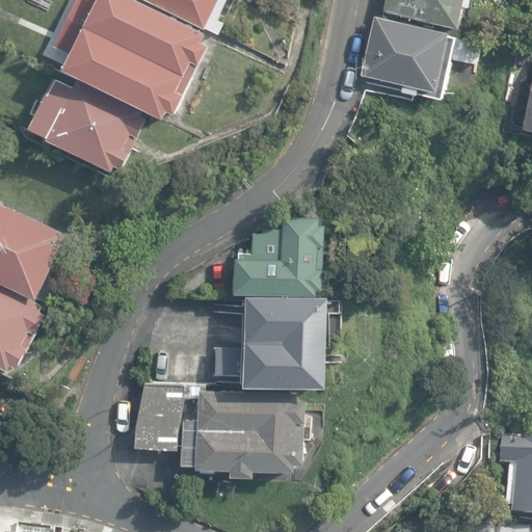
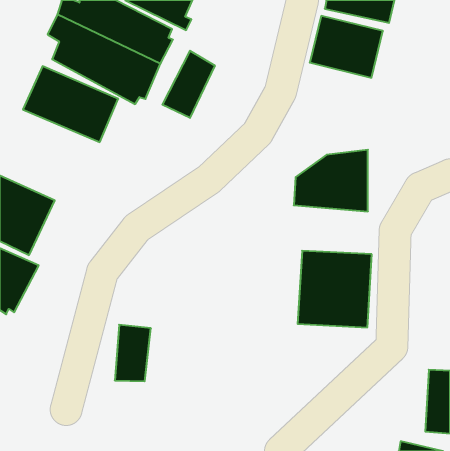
building: none -> [162,51,215,118]
building: [236,219,323,292] -> [294,150,368,211]
building: [239,297,326,388] -> [298,251,372,327]
building: [179,389,308,479] -> none

